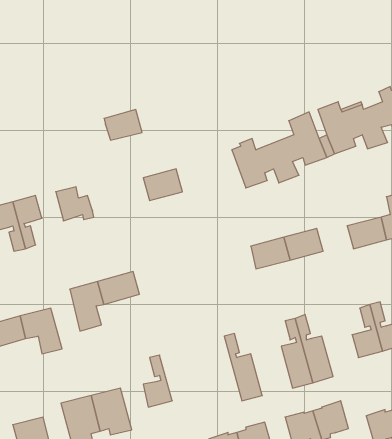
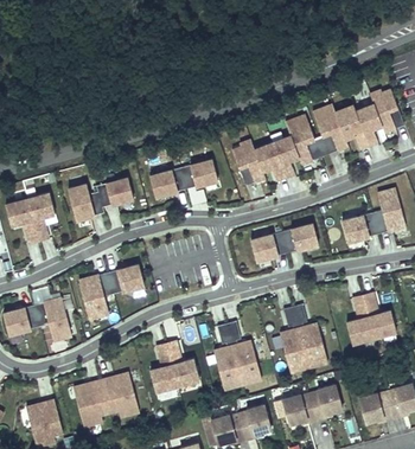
building: [104,110,142,140] -> [96,178,132,206]
building: none -> [180,159,217,188]
building: none -> [213,323,242,389]
building: none -> [165,339,199,384]

